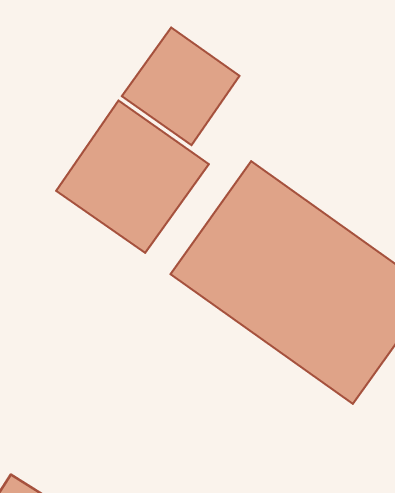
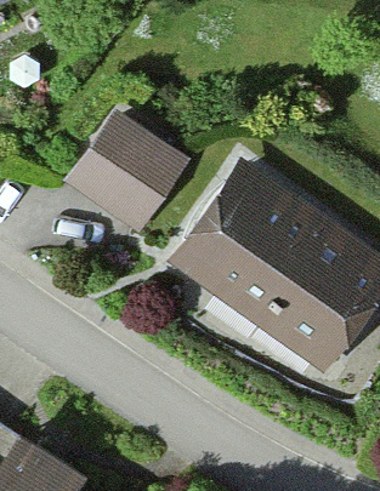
building: [122,28,240,145] -> none

